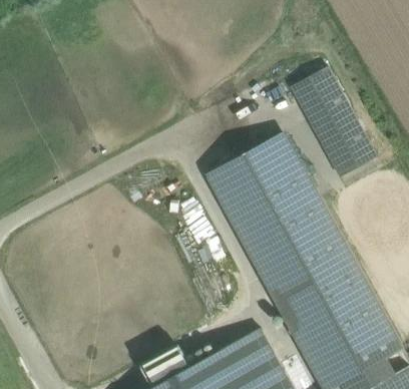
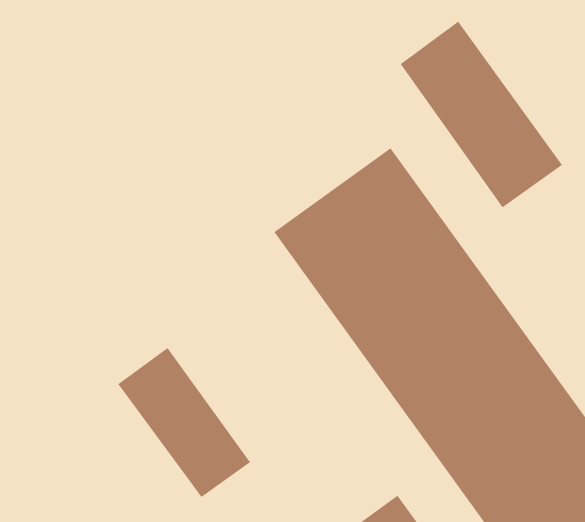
building: none -> [117,347,251,498]

